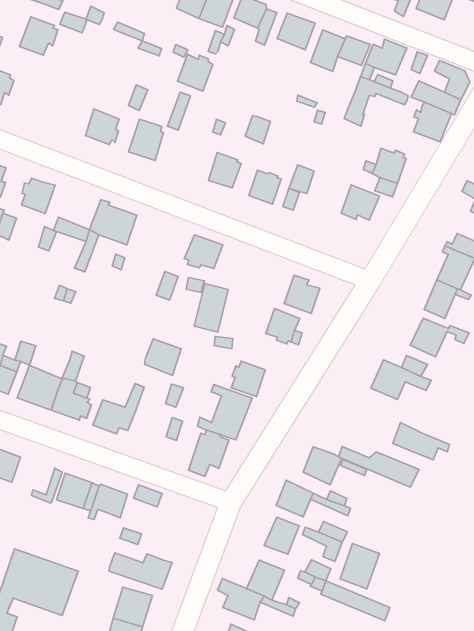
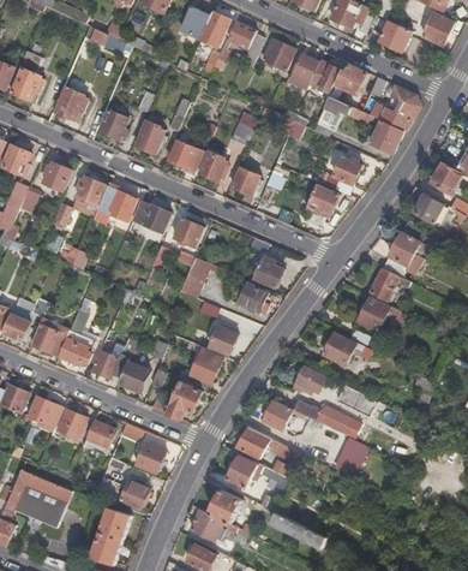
building: [20,17,58,55] -> [54,87,86,119]
building: [178,54,213,91] -> [167,137,197,168]
building: none -> [72,174,104,207]
building: none -> [132,200,172,233]
building: [144,339,181,376] -> [118,361,149,392]
building: none -> [290,365,326,393]
building: none -> [25,395,56,426]
building: none -> [136,442,169,476]
building: [340,543,379,589] -> [332,438,366,476]

